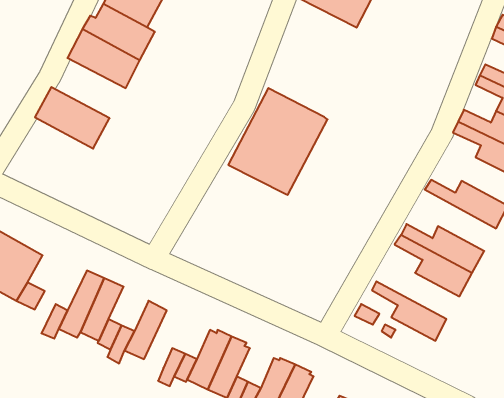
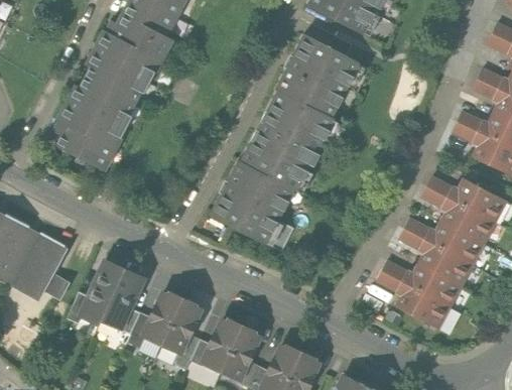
building: none -> [275,36,358,119]
building: none -> [76,63,145,120]
building: none -> [54,119,115,169]
building: none -> [209,161,294,247]
building: none -> [419,186,491,244]
building: none -> [379,262,457,307]
building: none -> [162,299,202,353]

